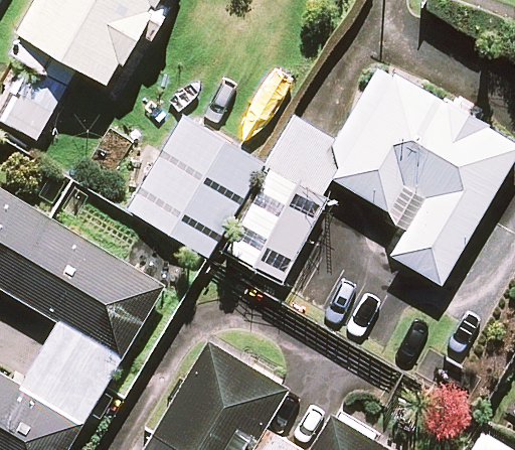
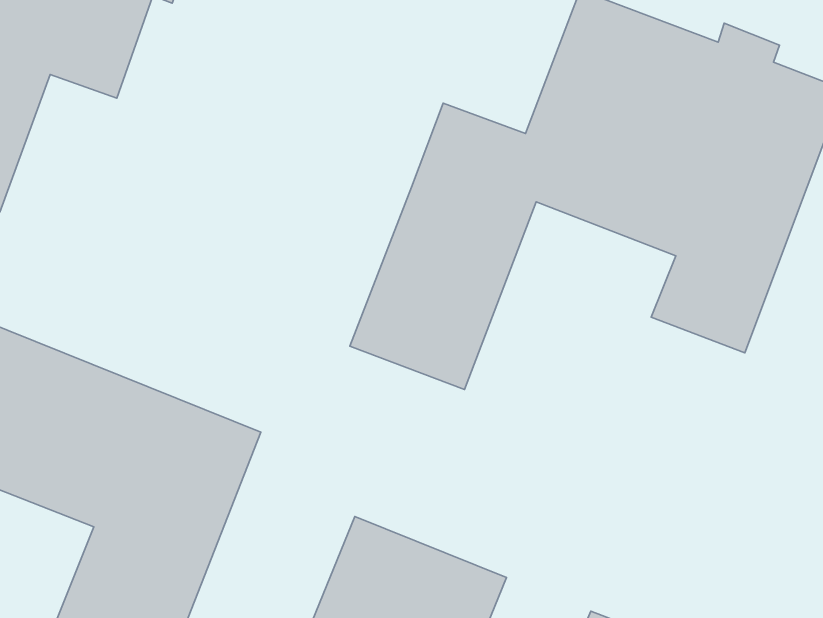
building: [128,115,263,256] -> none

